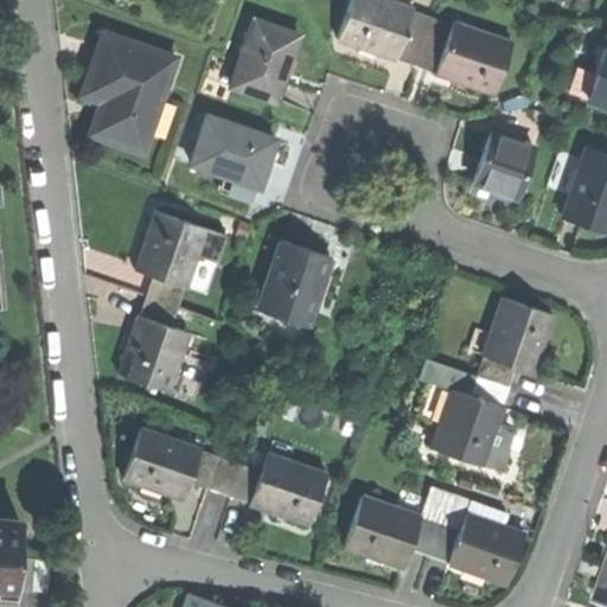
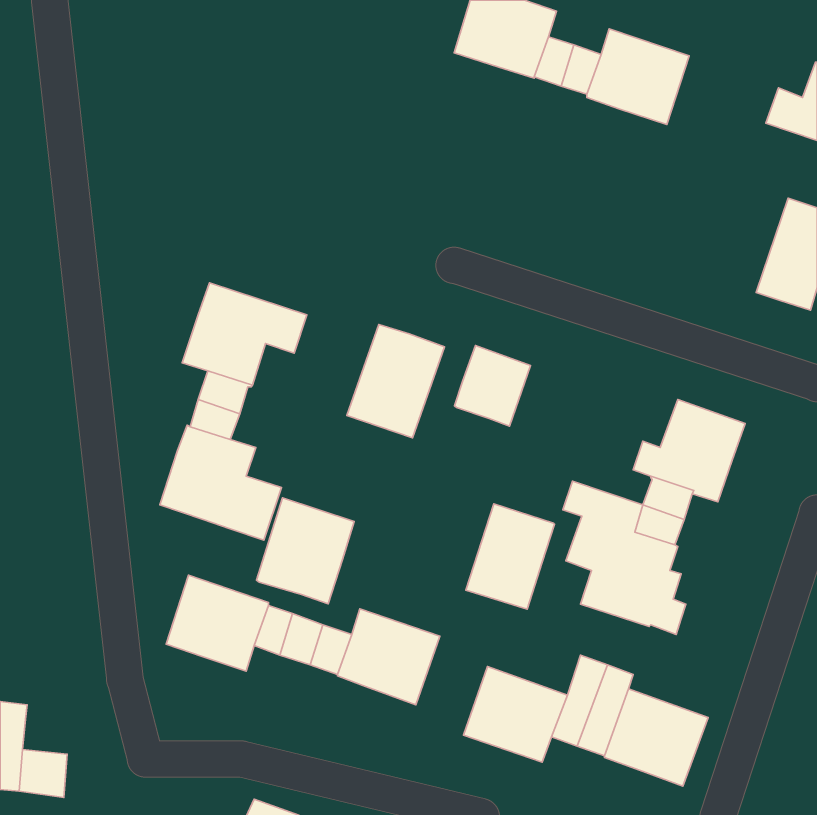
building: [230,20,299,103] -> none
building: [83,36,173,152] -> none
building: [191,117,275,187] -> none
building: [472,134,535,197] -> none
building: none -> [454,345,531,426]
building: none -> [256,498,354,604]
building: none -> [466,504,554,609]

